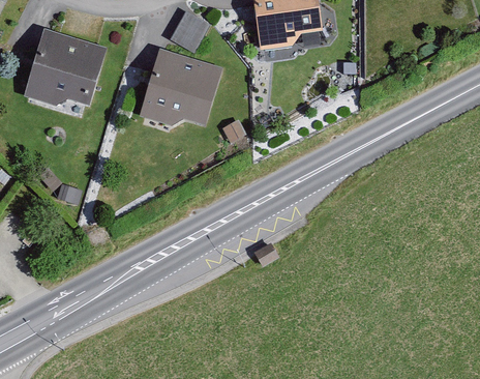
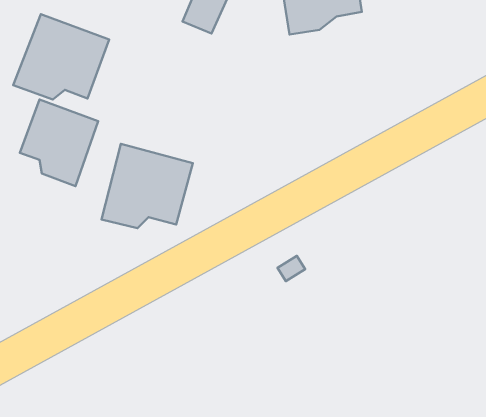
building: [143,52,221,124] -> [101,144,193,228]
building: none -> [20,100,98,186]

